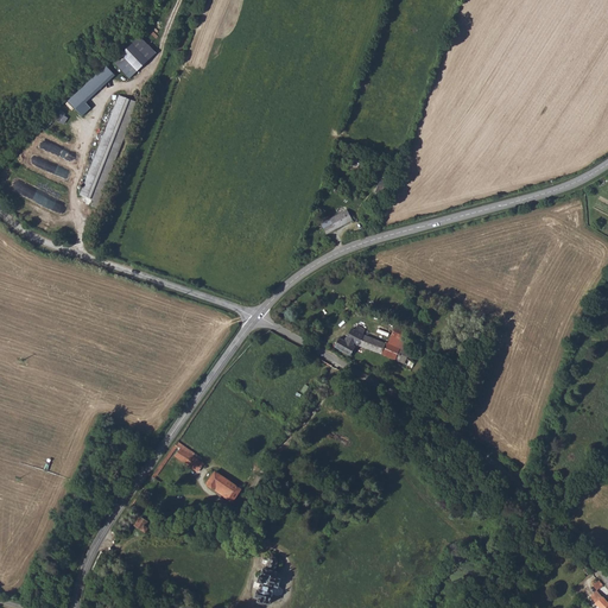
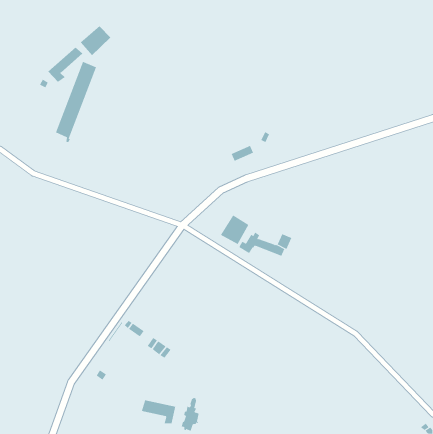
building: none -> [220,215,249,245]
building: none -> [141,399,176,424]

